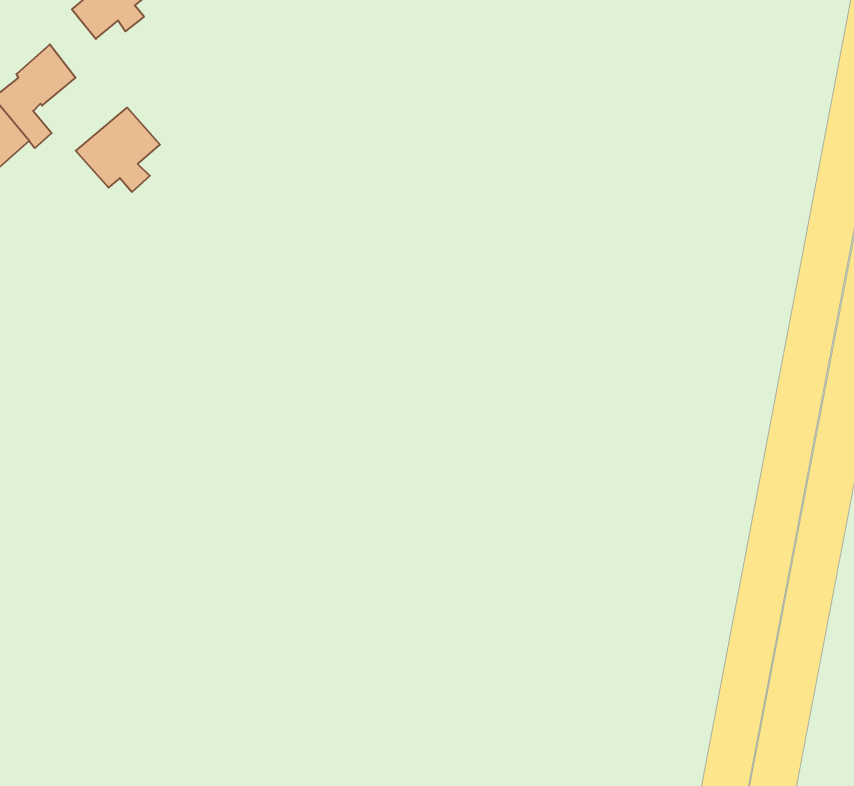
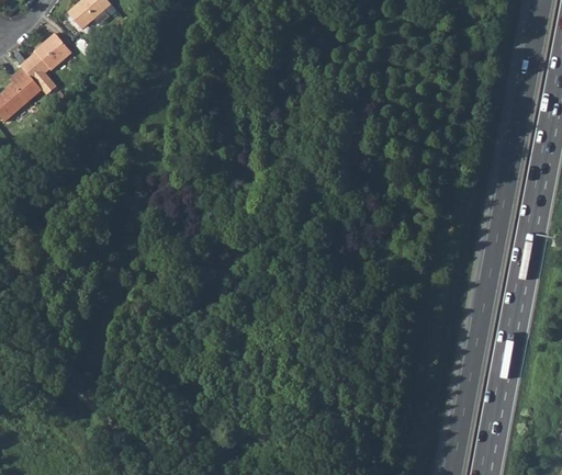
building: [76,108,160,192] -> none

